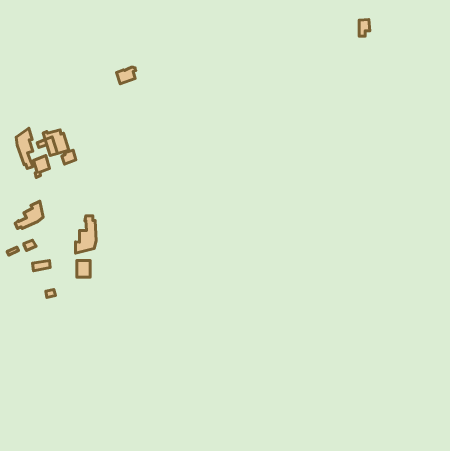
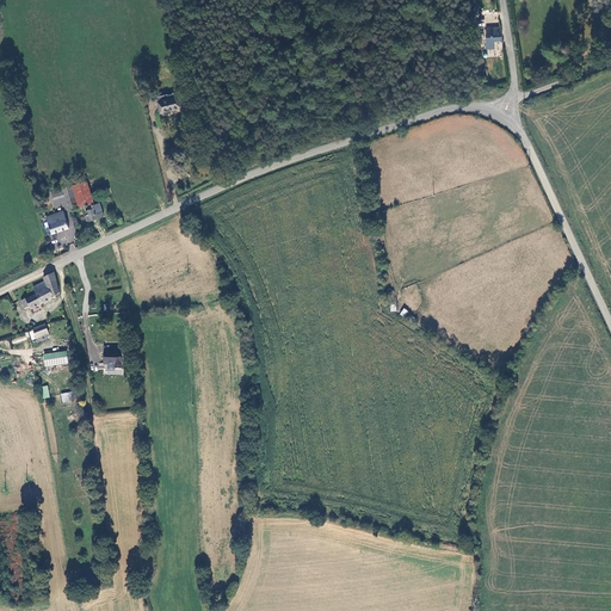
building: [16,128,33,169] -> none
building: [76,216,96,253] -> none

